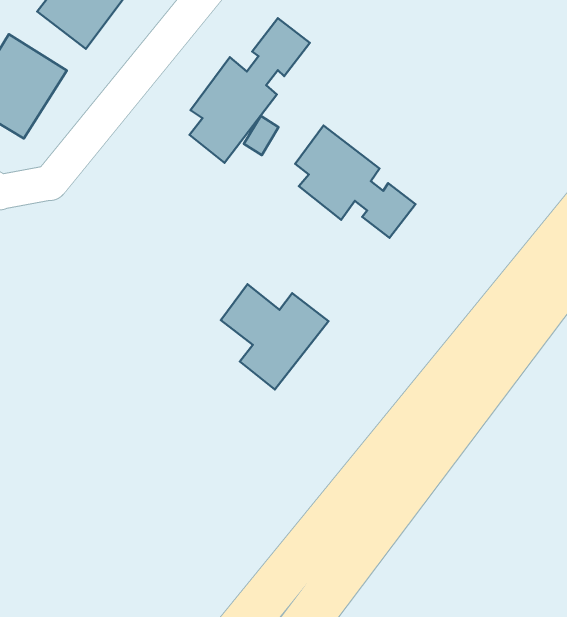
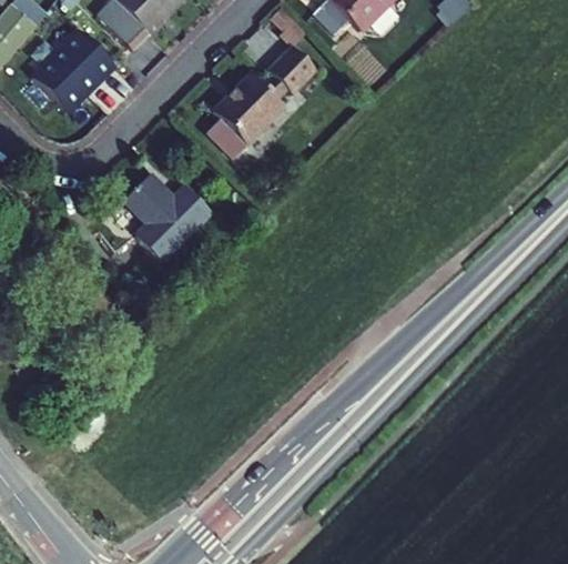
building: [295,126,415,238] -> none
building: [221,284,329,390] -> [124,172,212,261]

